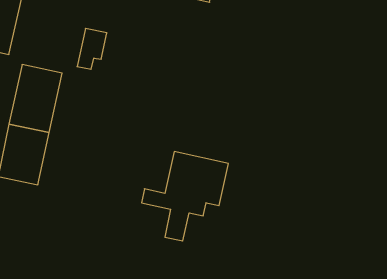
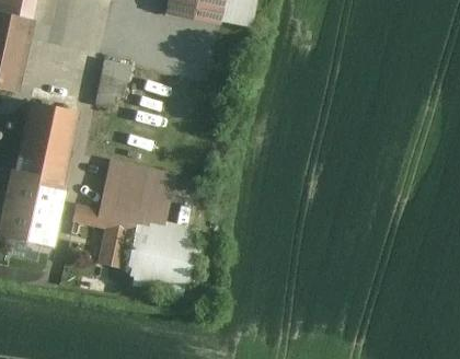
building: [142,152,228,241] -> [72,161,174,266]

